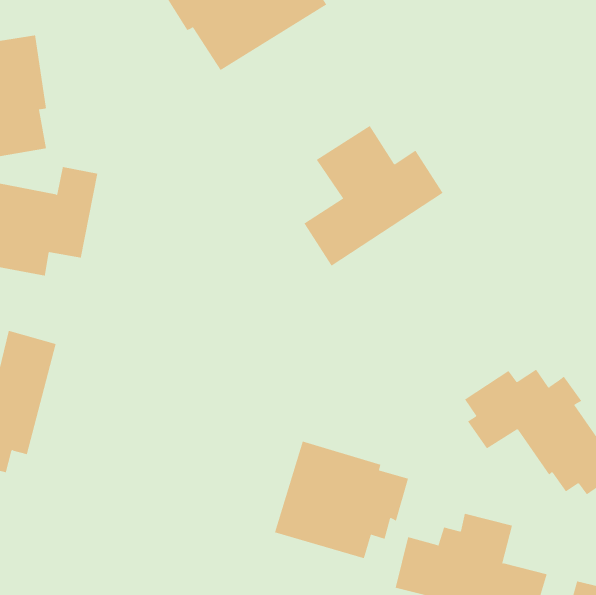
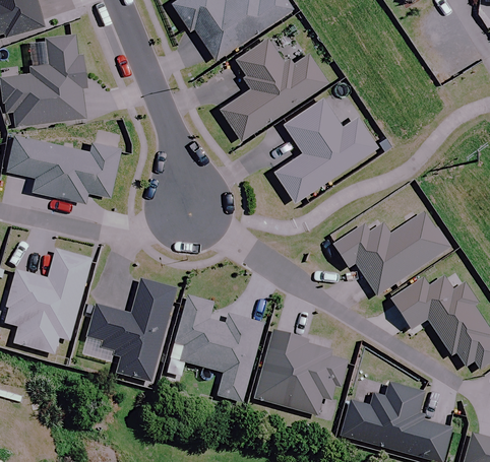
building: none -> [218,28,325,141]
building: none -> [332,212,448,295]
building: none -> [90,279,176,376]
building: none -> [175,294,267,403]

